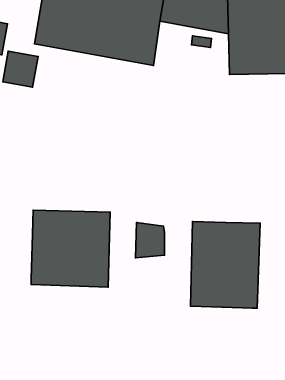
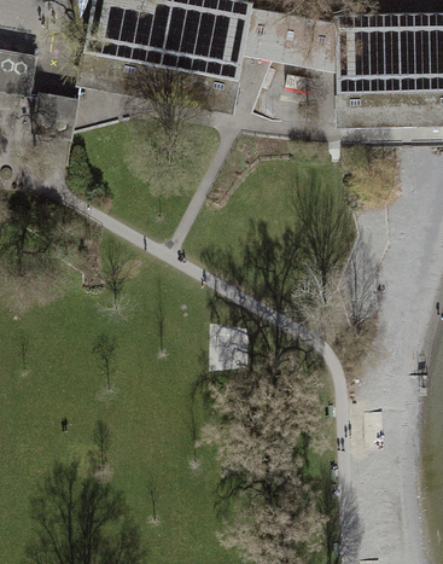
building: [31,210,110,287] -> none
building: [191,221,260,308] -> none

